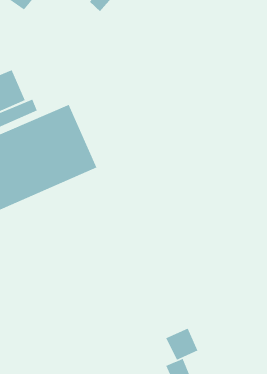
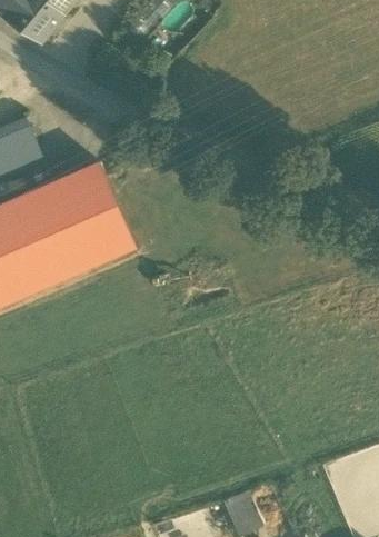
building: [165,327,199,361] -> none

